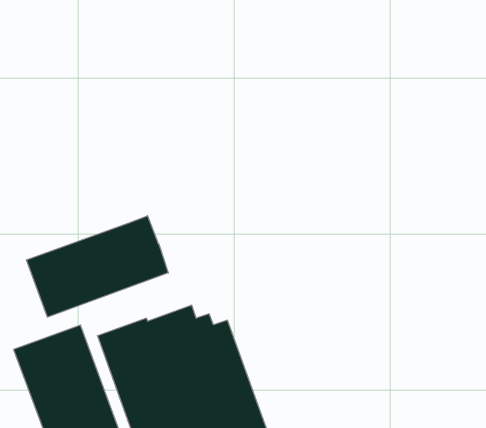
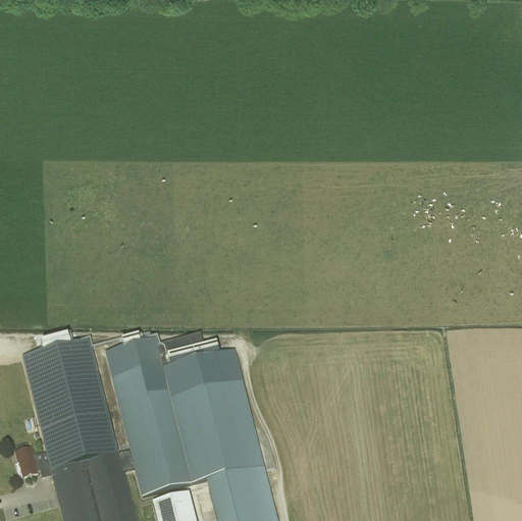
building: [27,216,168,317] -> none

